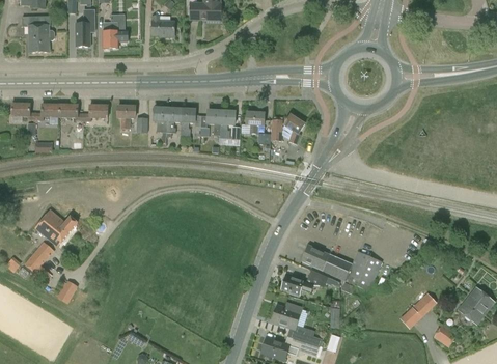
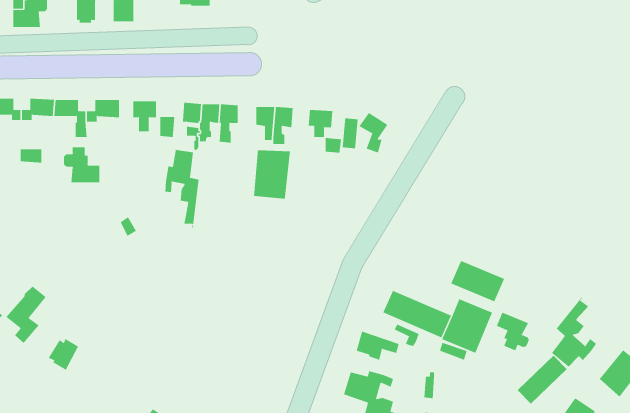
building: none -> [64,146,100,183]
building: none -> [165,149,199,229]
building: none -> [254,149,290,199]
building: [35,211,77,246] -> none
building: none -> [451,260,505,302]
building: none -> [551,297,597,367]
building: none -> [496,312,529,351]

